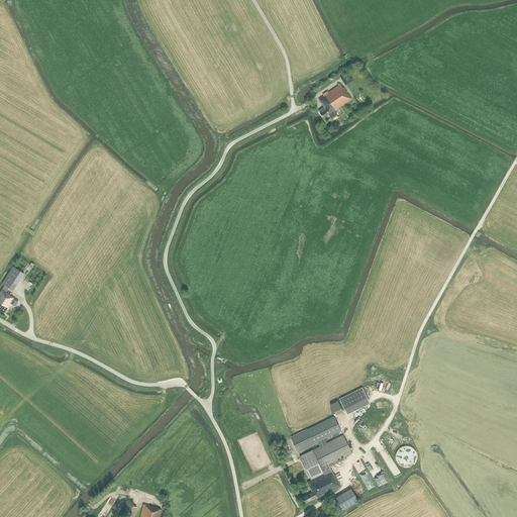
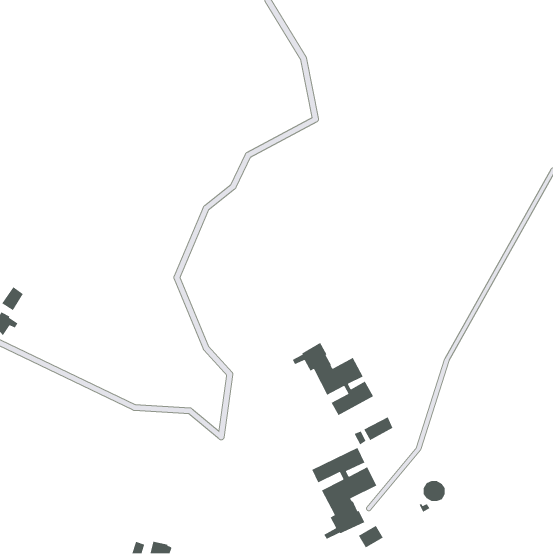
building: [317,84,353,117] -> none
building: none -> [292,342,374,416]

